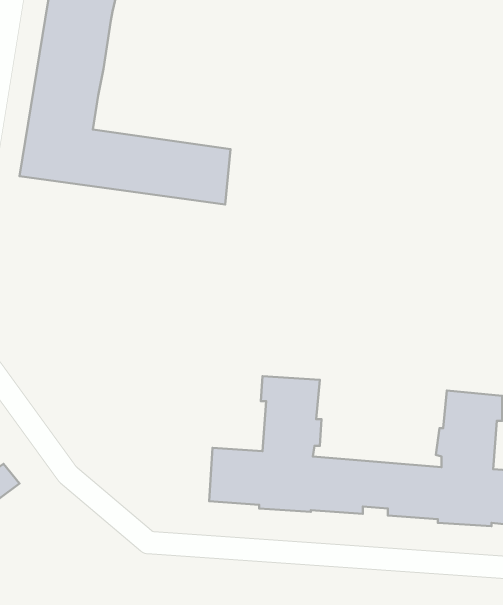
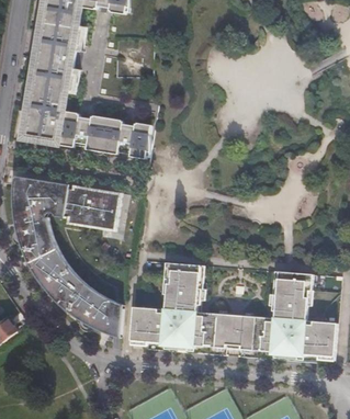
building: none -> [14,178,125,340]

